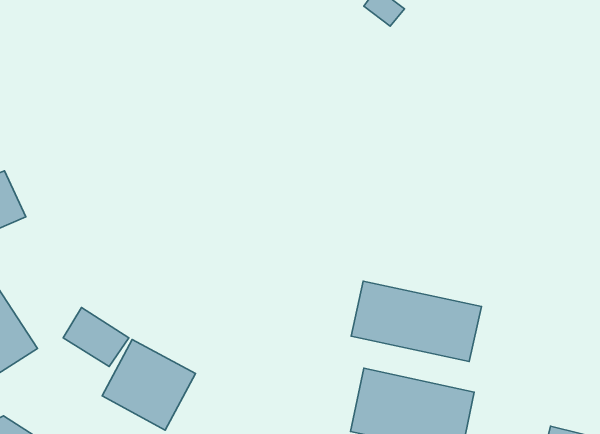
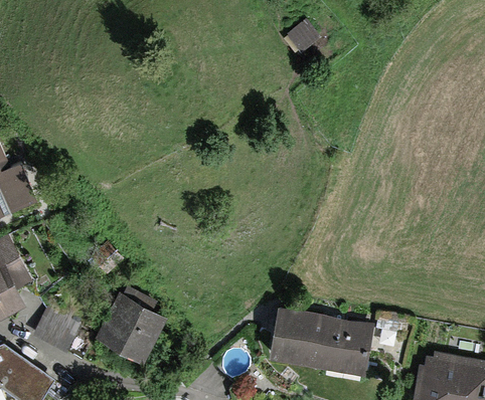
building: [351,281,481,361] -> none
building: [63,307,129,367] -> [32,310,83,355]

